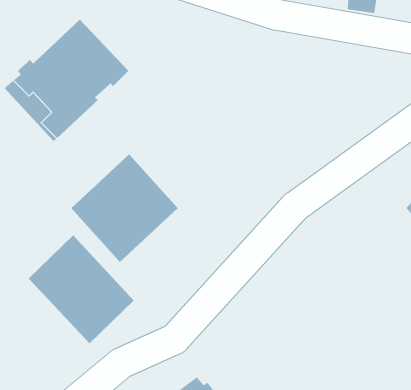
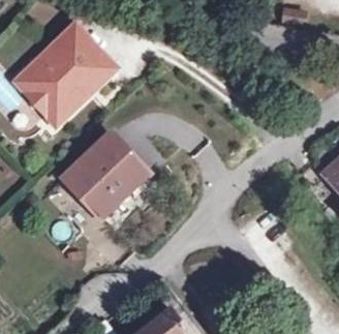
building: [28,235,135,344] -> none

